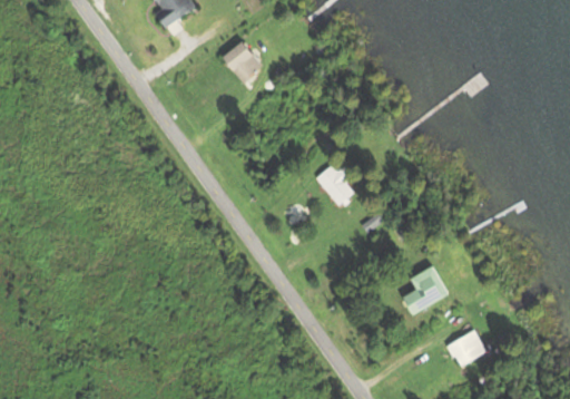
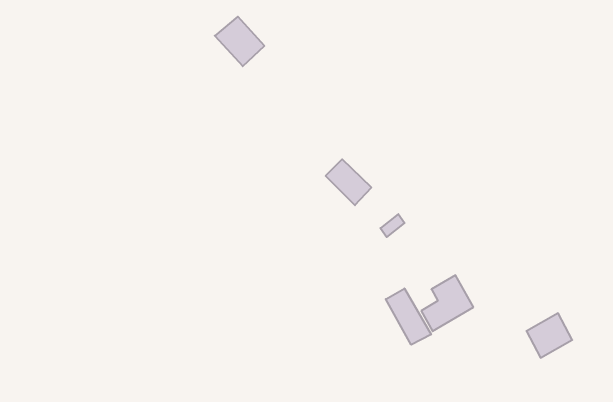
building: none -> [386,288,431,345]
building: [446,329,487,368] -> [526,313,572,358]

